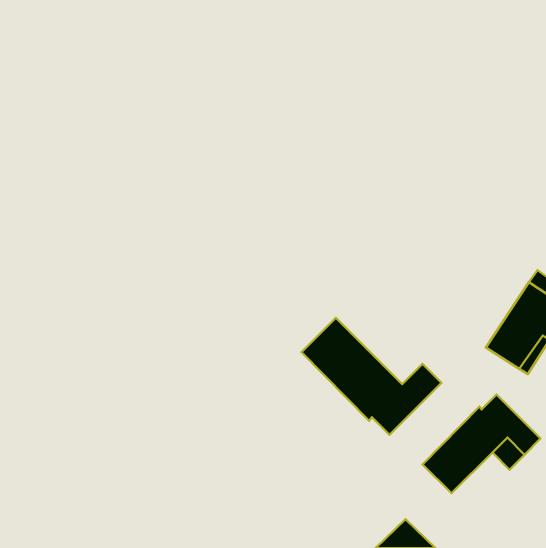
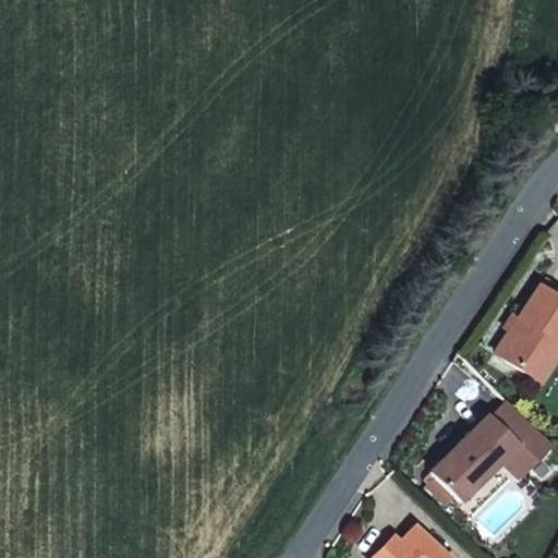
building: [302,318,442,435] -> none

